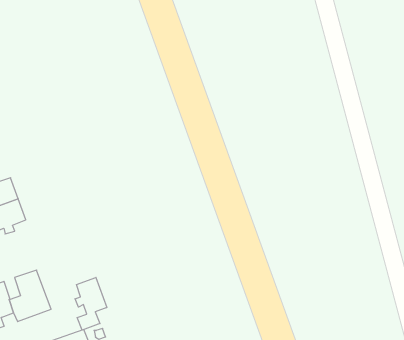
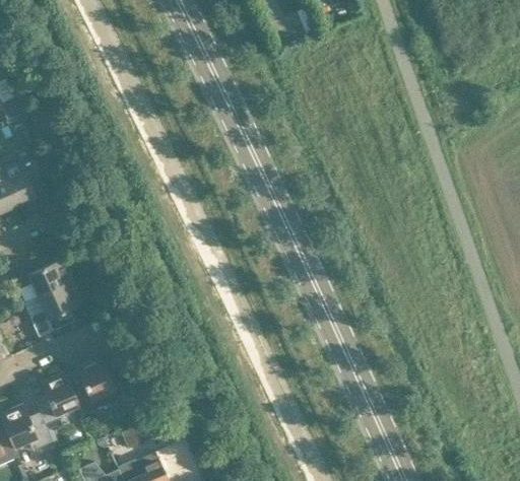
building: [75,277,107,330] -> none

